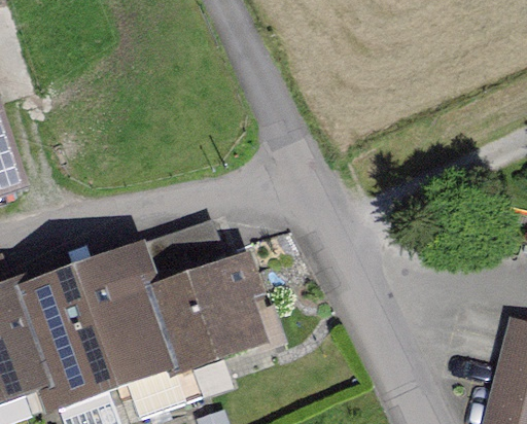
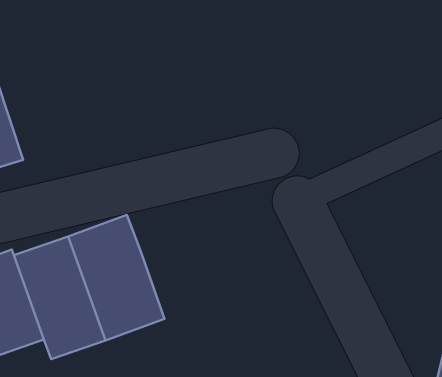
building: [157,254,276,372] -> none

